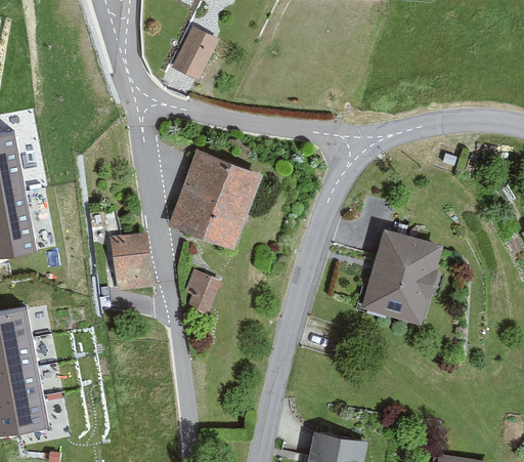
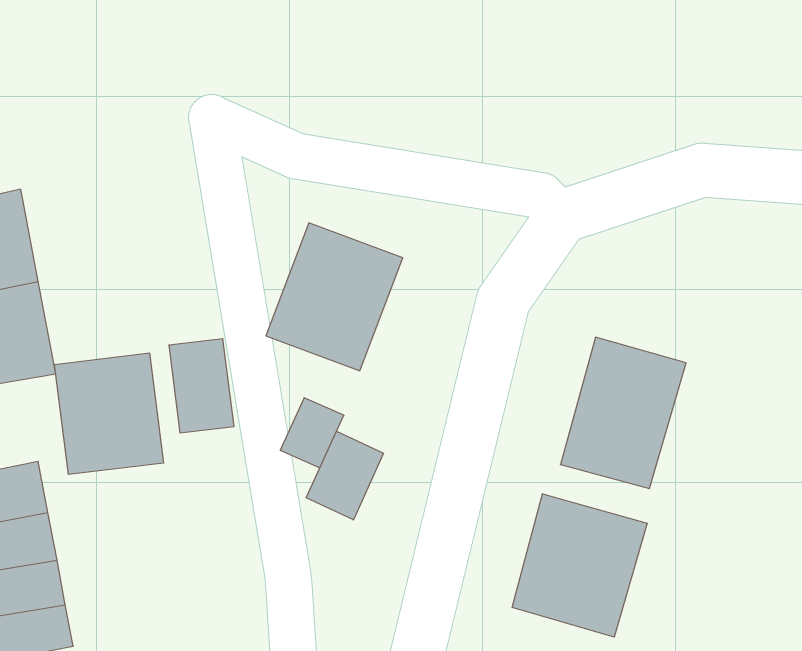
building: [172,25,221,80] -> none
building: none -> [55,353,163,474]
building: none -> [306,431,384,520]
building: none -> [512,494,647,637]

